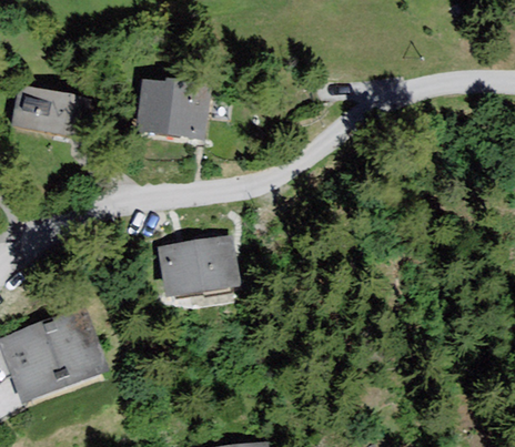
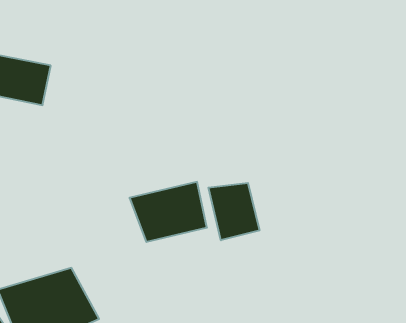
building: [144,89,212,141] -> none
building: none -> [208,183,259,240]

